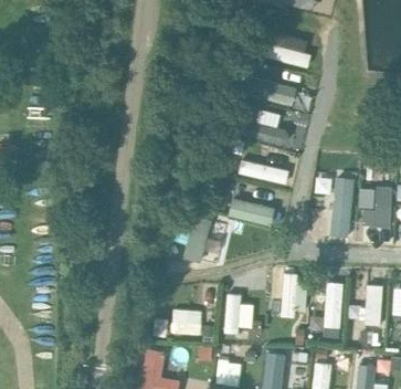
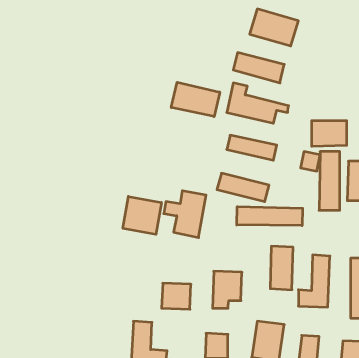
building: none -> [171,82,220,117]
building: none -> [312,121,347,146]
building: none -> [123,196,161,234]
building: none -> [237,207,303,226]

